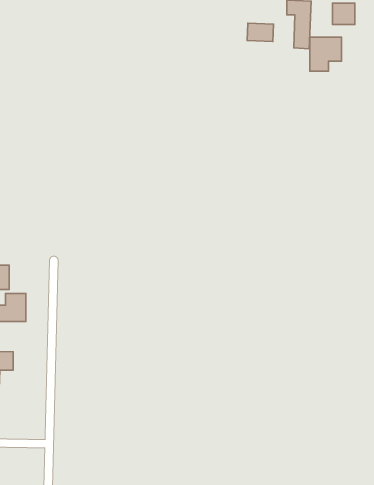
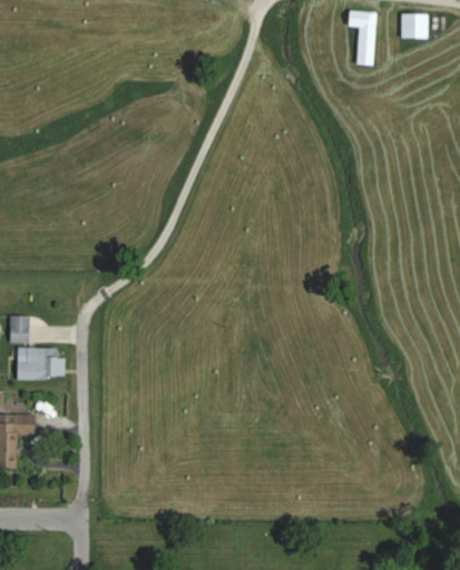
building: [247,23,273,41] -> none
building: [310,37,341,71] -> none

